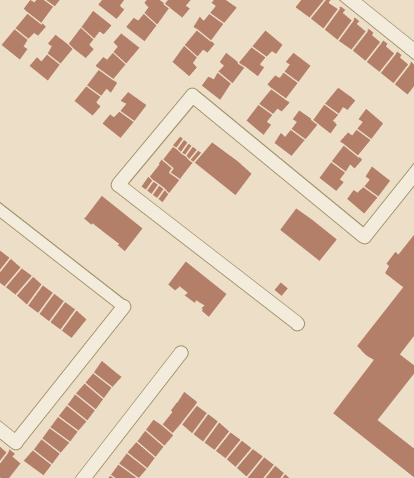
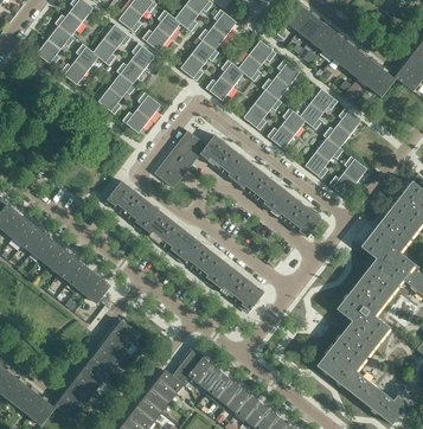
building: none -> [235,162,286,210]
building: none -> [141,209,192,256]
building: none -> [212,264,263,312]

